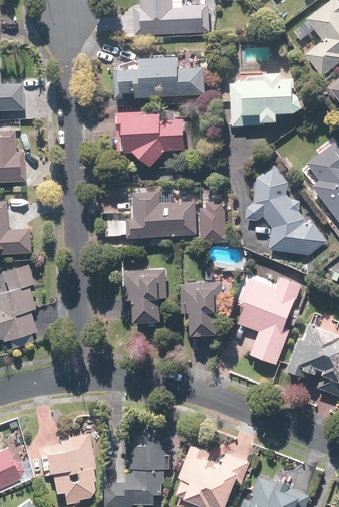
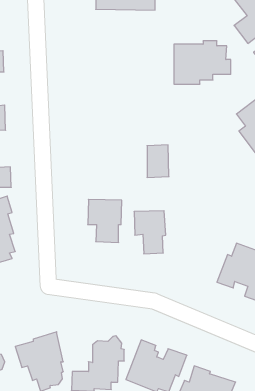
building: [114,59,203,96] -> none
building: [119,112,186,166] -> none
building: [246,166,325,256] -> none
building: [130,193,195,237] -> none
building: [233,276,300,365] -> none

